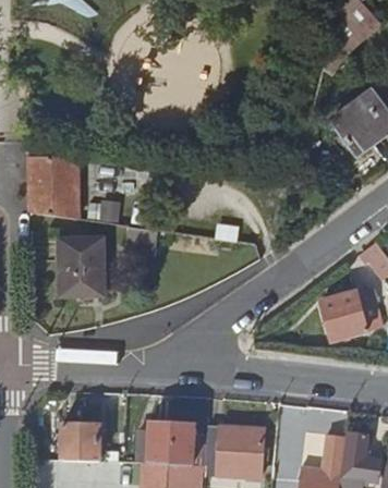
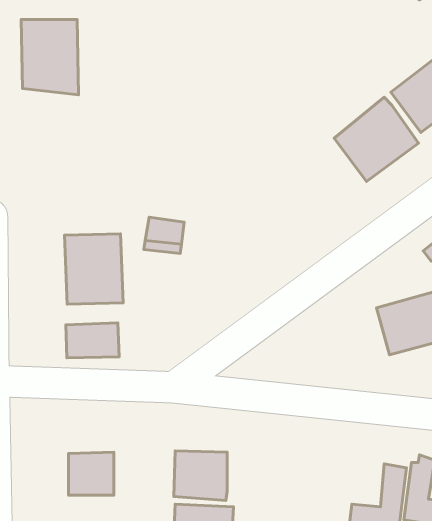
building: none -> [334,97,418,182]
building: [29,156,77,219] -> [21,20,78,95]
building: none -> [66,323,119,358]
building: [205,425,264,476] -> none

